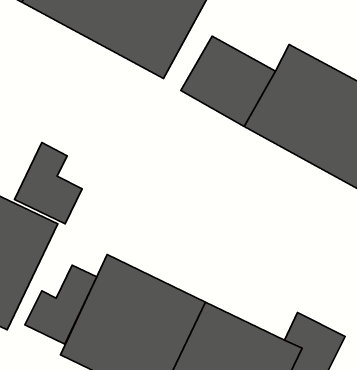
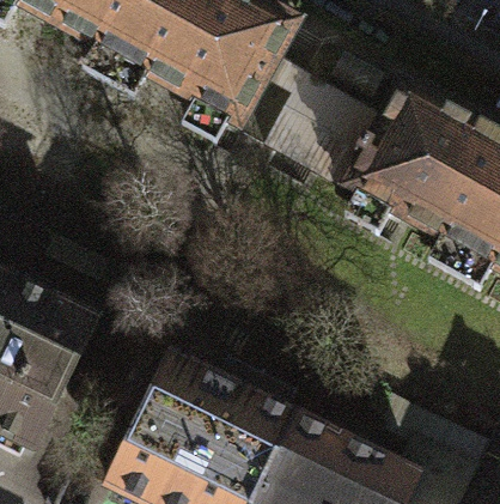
building: [15,143,82,224] -> none
building: [25,265,97,344] -> none

